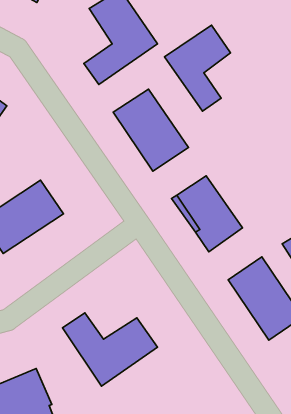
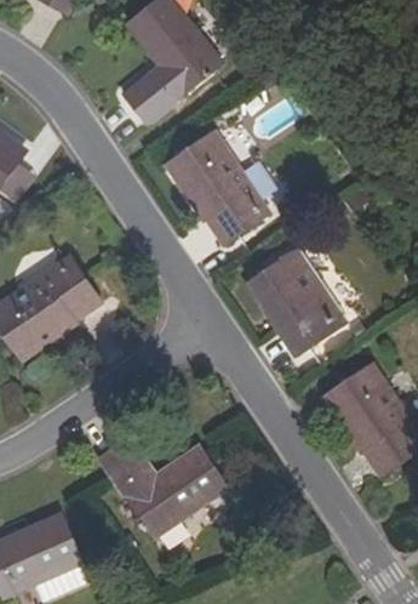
building: [164,25,230,111] -> none

